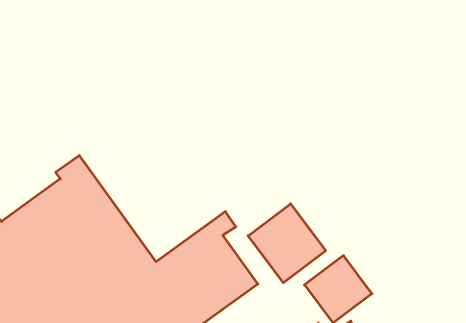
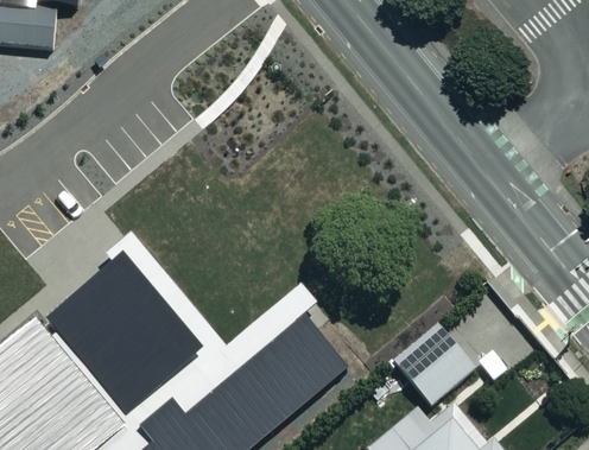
building: [248,204,326,283] -> none

